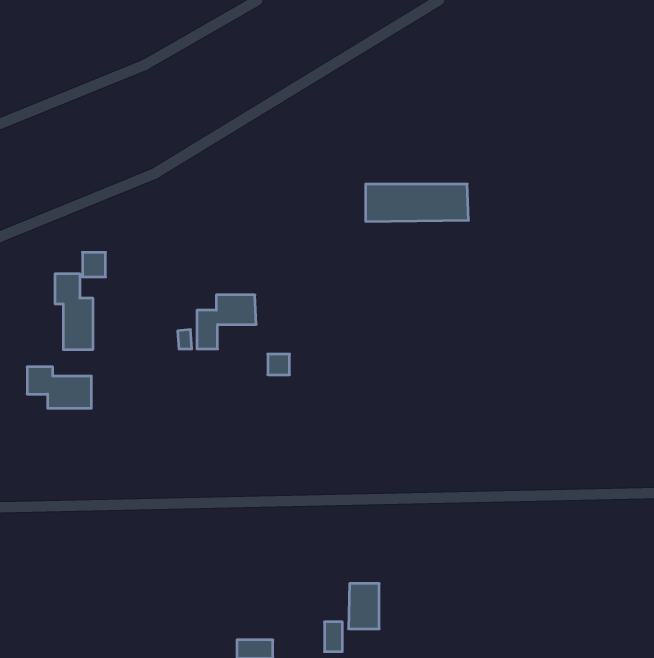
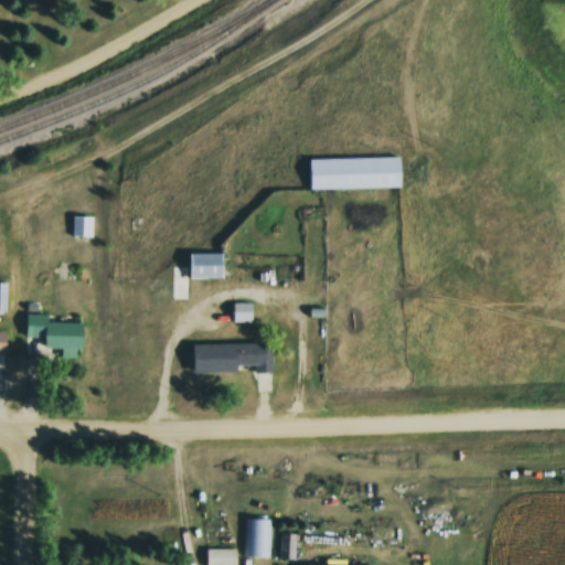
building: [55,274,93,350] -> none
building: none -> [192,343,264,373]
building: [348,584,379,629] -> [246,519,273,557]

